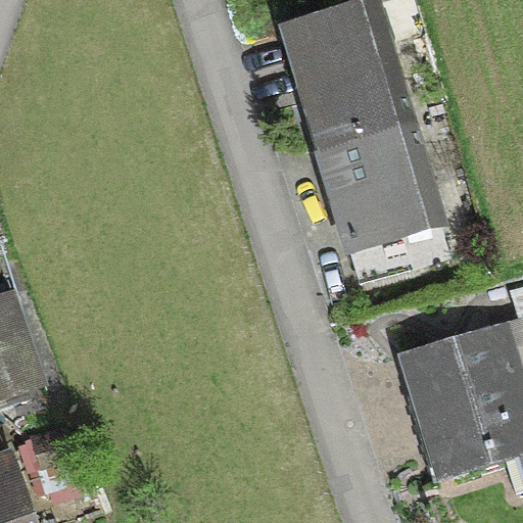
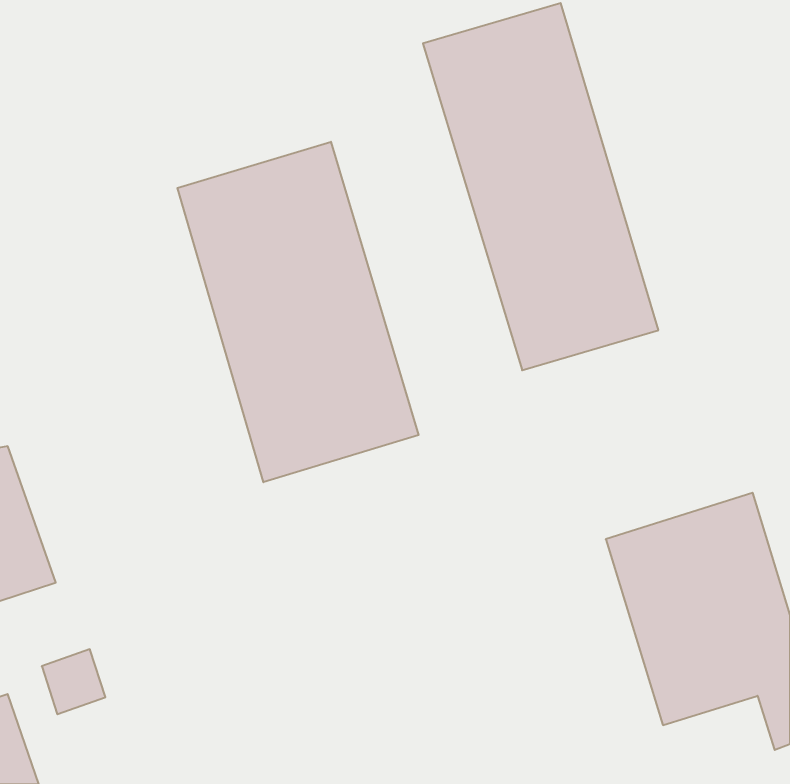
building: none -> [177,142,419,482]

